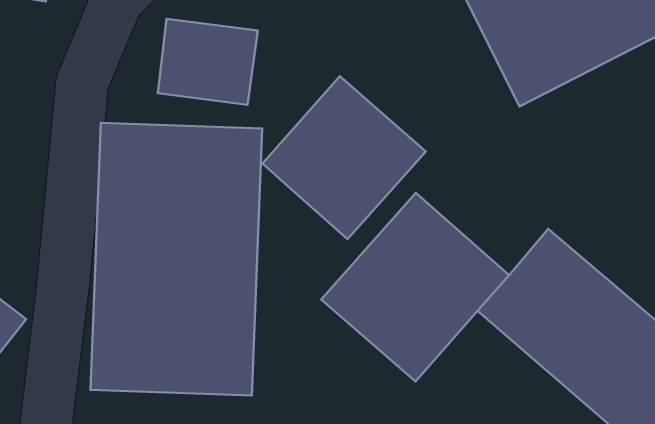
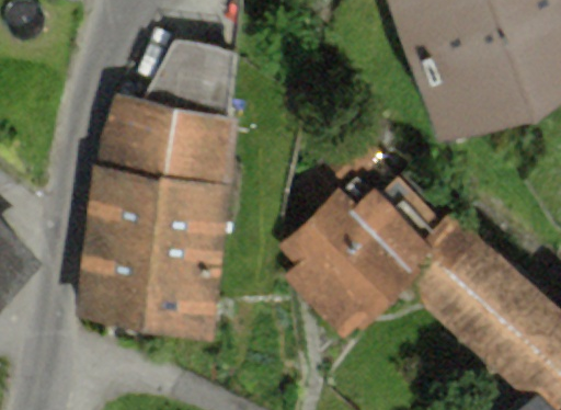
building: [262,76,426,239] -> none

